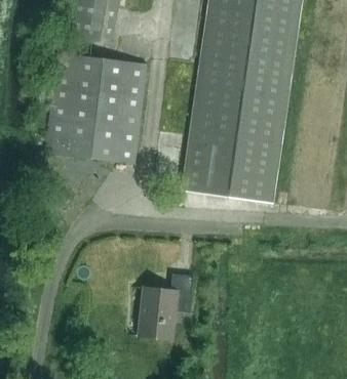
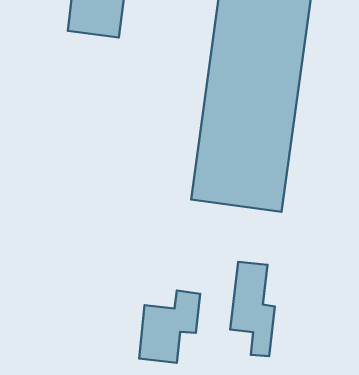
building: [45,53,148,163] -> none
building: none -> [230,262,275,356]

